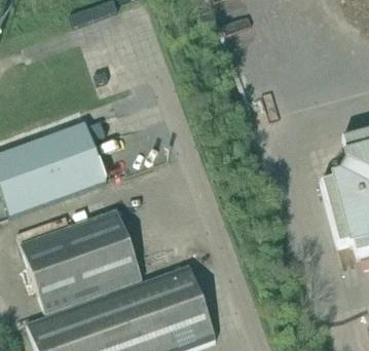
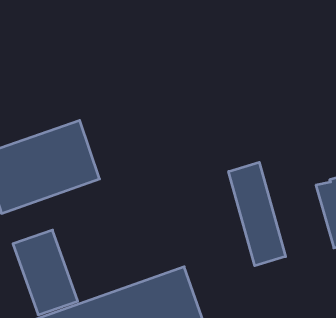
building: none -> [229,162,286,266]
building: [61,209,143,300] -> none

